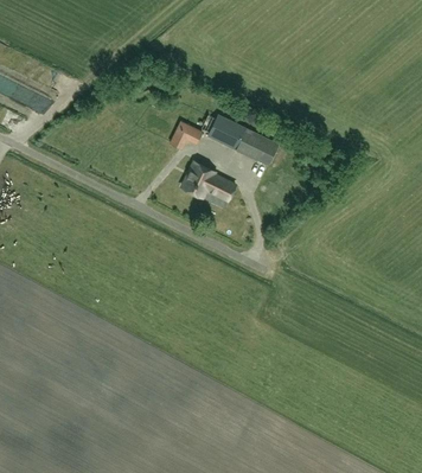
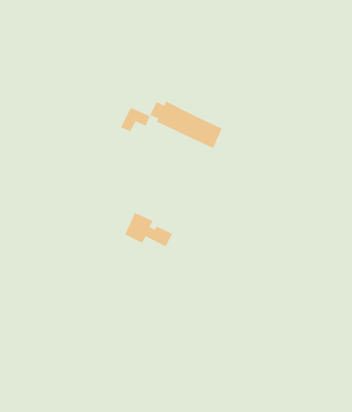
building: [184,164,235,200] -> [124,212,173,247]

